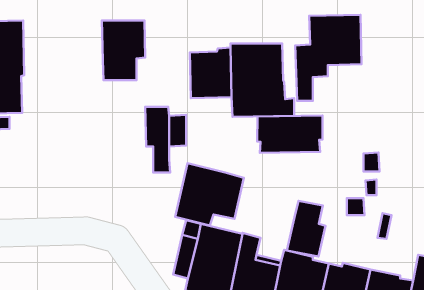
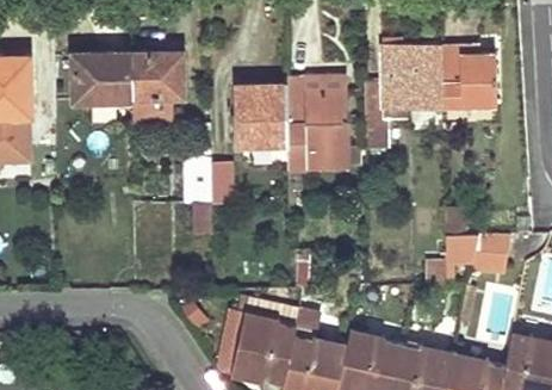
building: none -> [441,45,496,107]
building: none -> [70,54,131,103]
building: [257,115,323,153] -> none
building: [175,163,244,226] -> none
building: none -> [471,235,511,274]
building: [287,201,325,257] -> none

